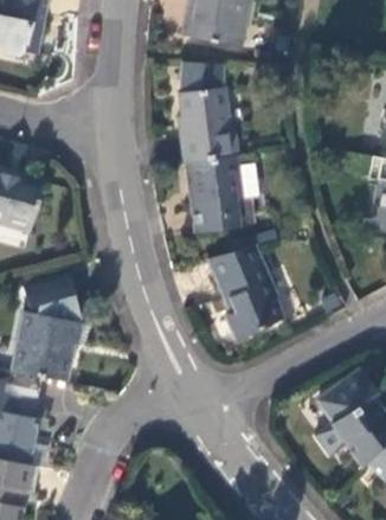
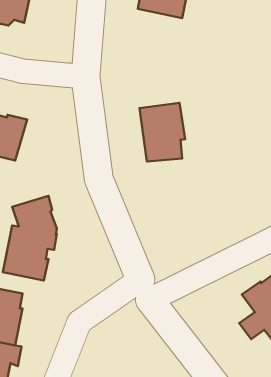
building: [178,63,238,163] -> none
building: [208,246,278,344] -> none

